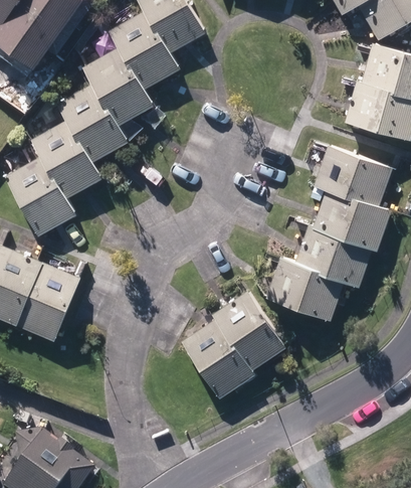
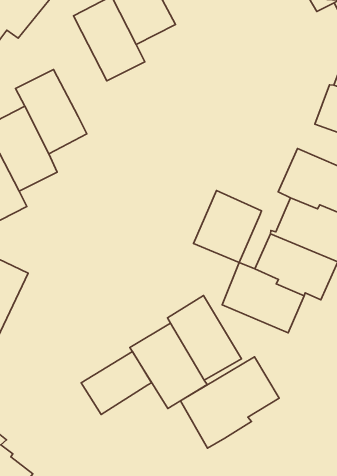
building: [84,44,154,125] -> none
building: none -> [194,191,262,263]
building: none -> [180,357,279,448]
building: none -> [81,352,152,414]

